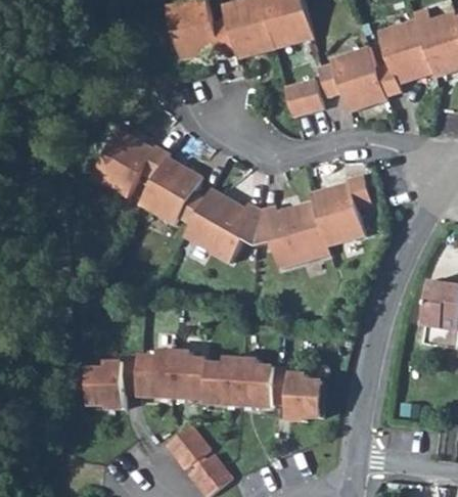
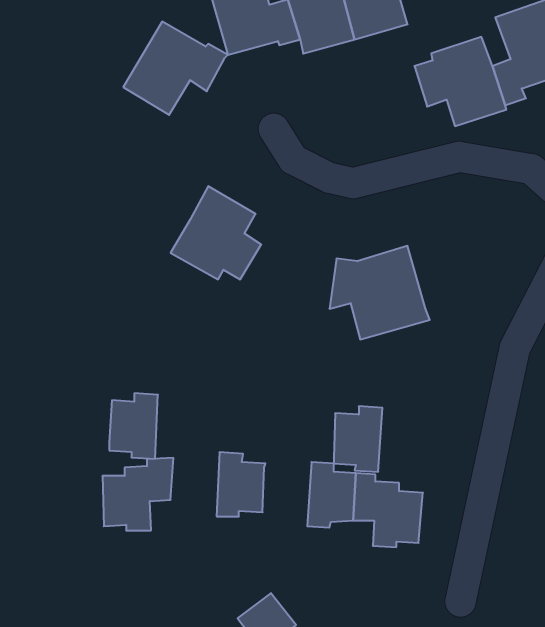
building: [284,79,322,117] -> none
building: [92,129,169,197] -> [123,22,228,115]
building: [311,174,371,245] -> none
building: [184,187,261,263] -> none
building: [139,350,175,398] -> [109,393,158,459]
building: [207,357,242,405] -> [334,406,382,472]
building: [166,424,209,468] -> none

